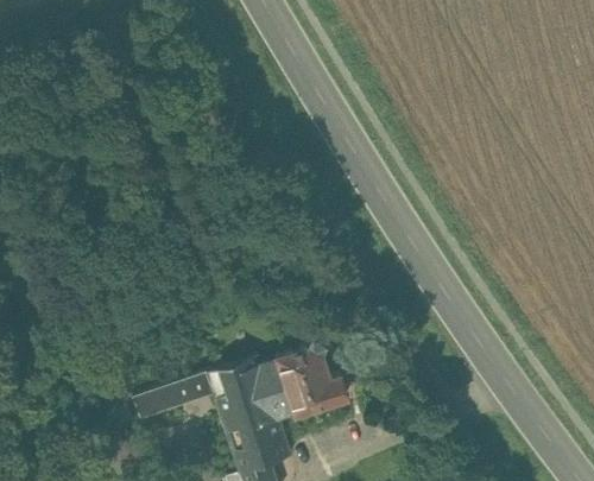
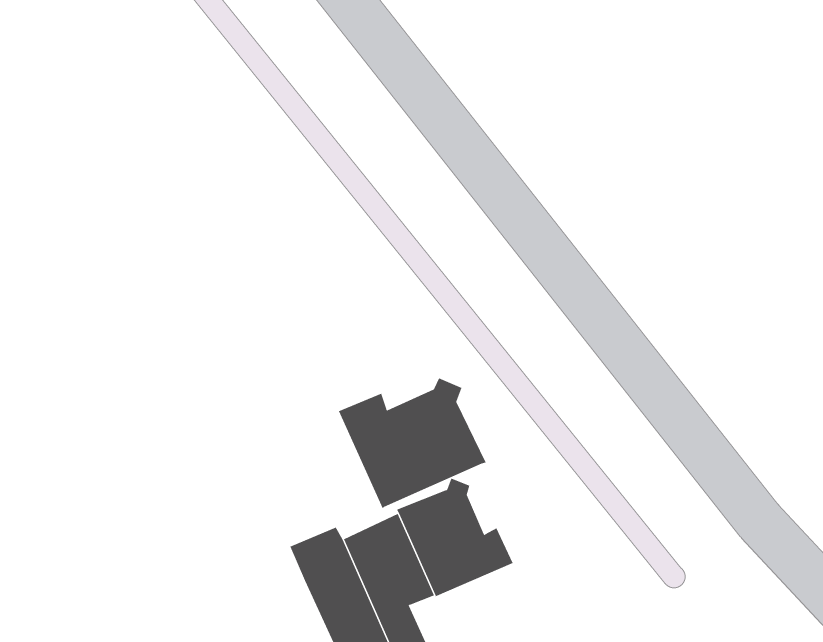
building: none -> [338,378,487,509]
building: [133,372,213,418] -> none

